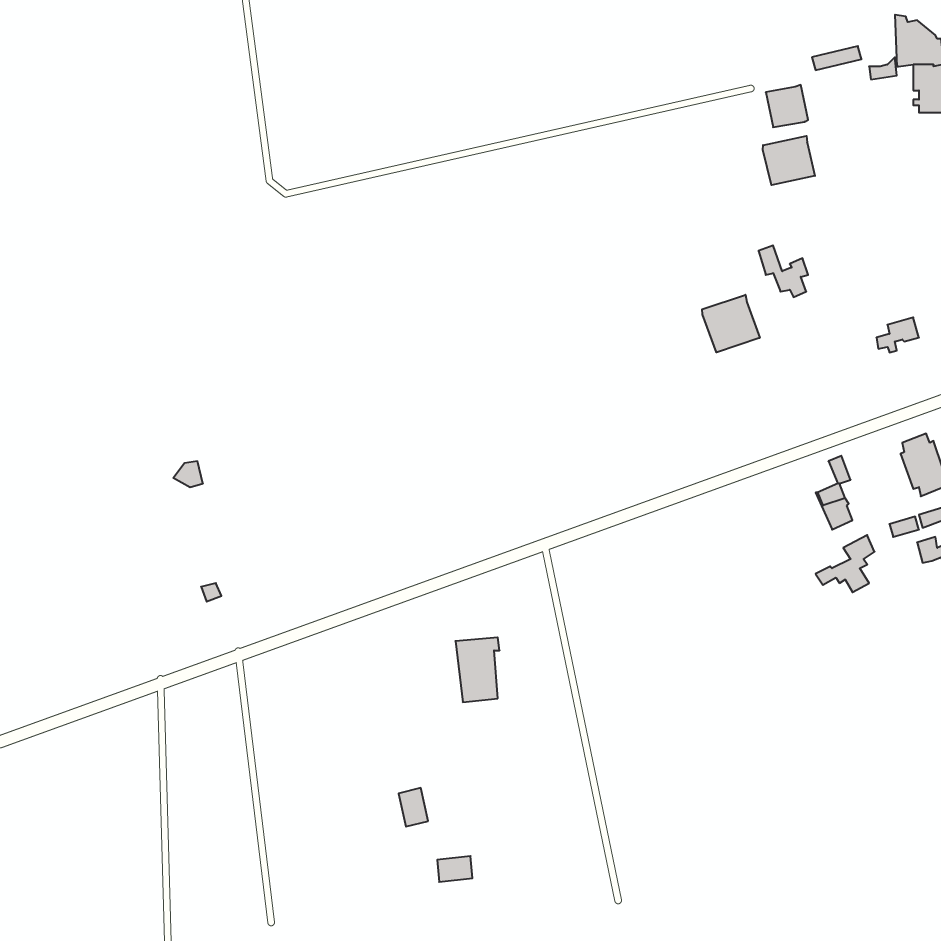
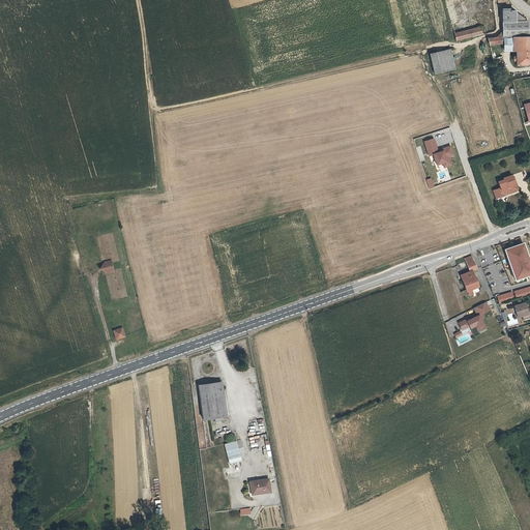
building: [763,136,815,185] -> none
building: [702,295,760,352] -> none
building: [455,637,500,702] -> [199,384,224,420]

